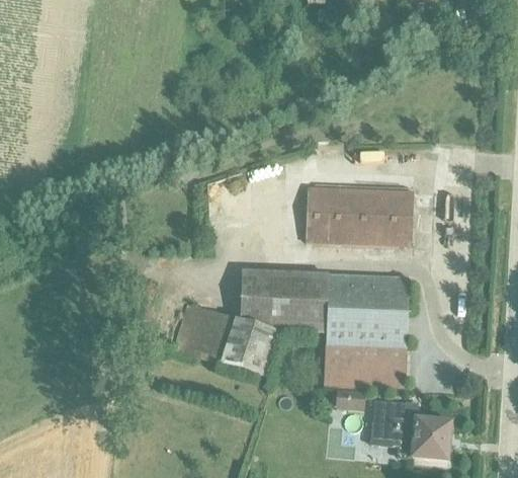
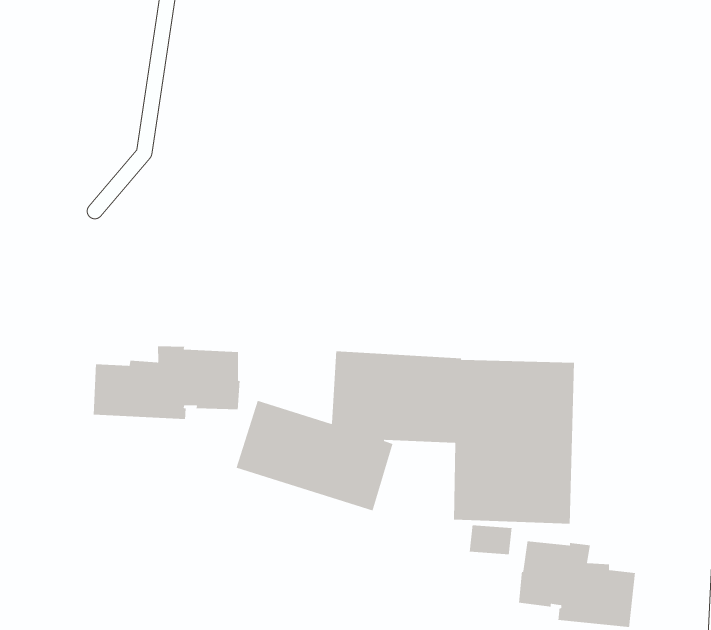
building: [306,184,413,245] -> none
building: none -> [93,345,241,420]

